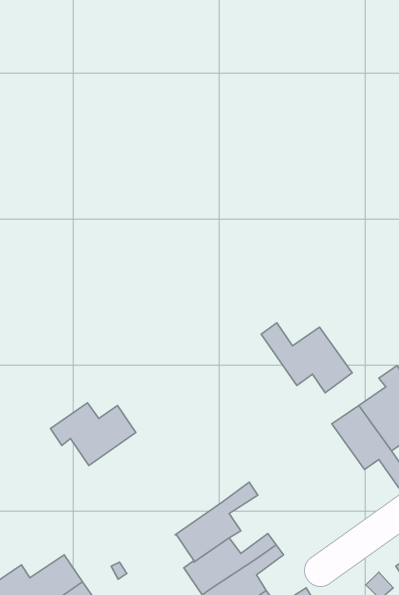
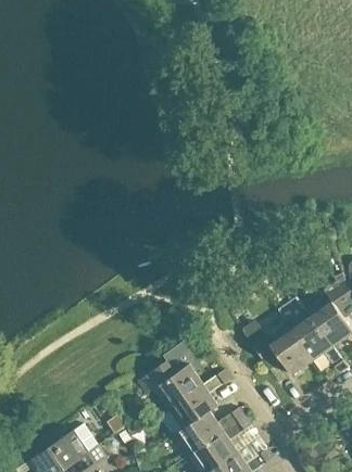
building: [261,323,352,393] -> [244,322,314,375]
building: [50,403,136,465] -> [140,362,205,410]

